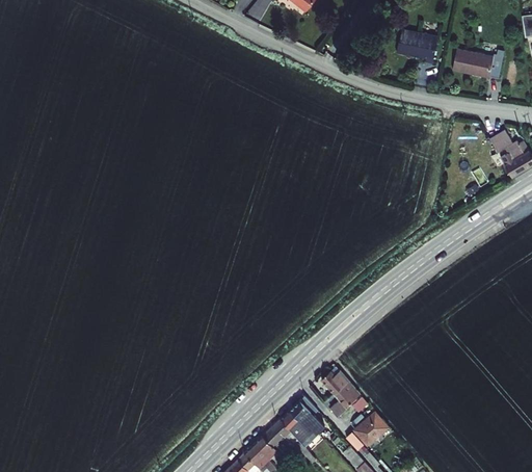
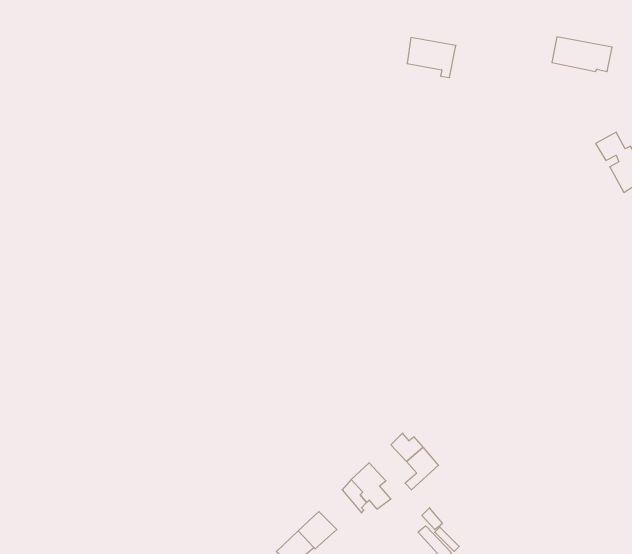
building: [398,32,437,64] -> [407,38,456,78]
building: [357,415,388,445] -> none
building: [266,417,300,449] -> none

